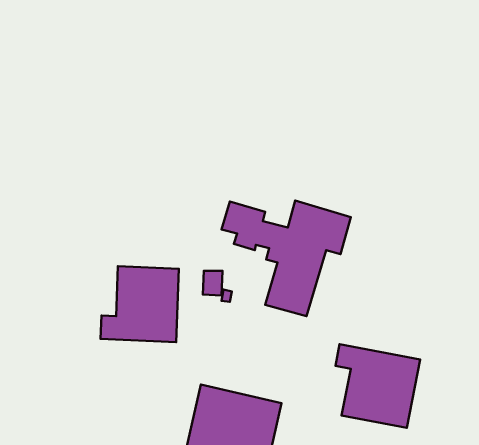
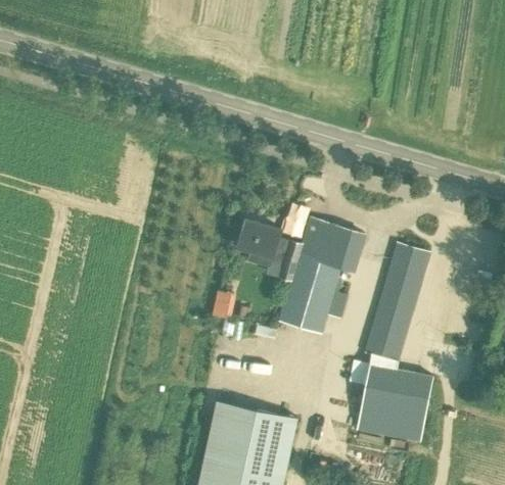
building: none -> [365,242,431,362]
building: [101,266,179,342] -> none

